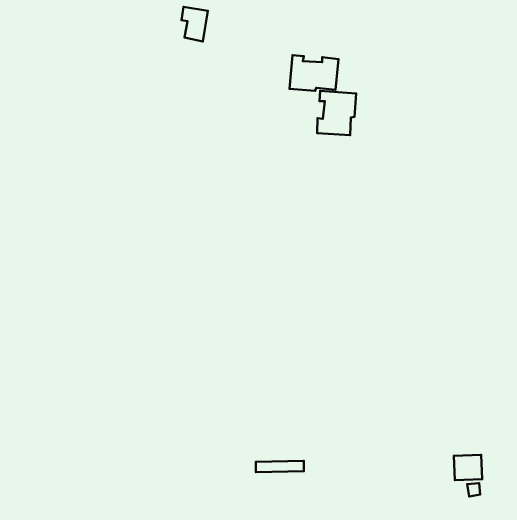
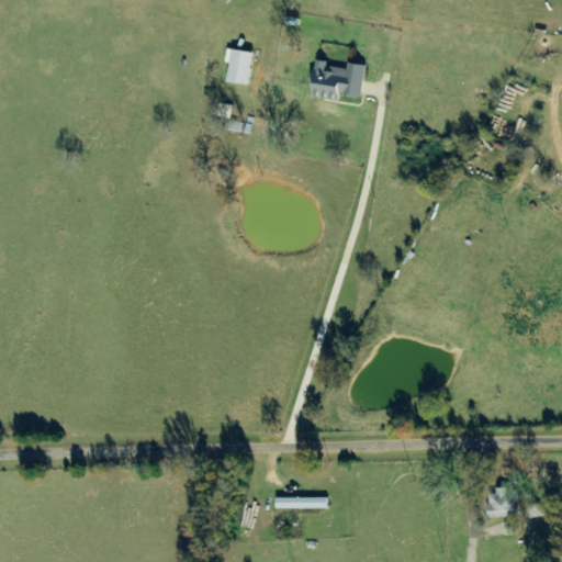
building: [181,7,208,41] -> [224,47,252,85]
building: [317,91,356,135] -> none

